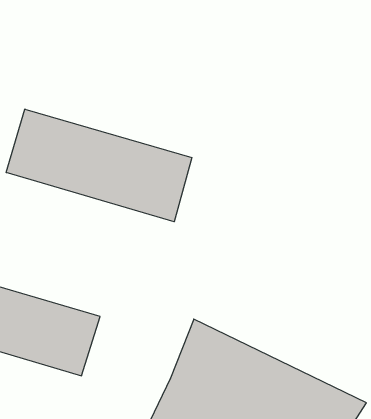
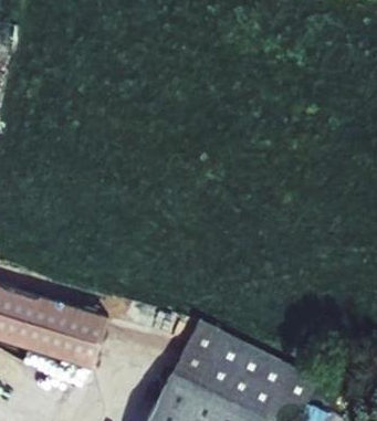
building: [6,109,192,222] -> none

